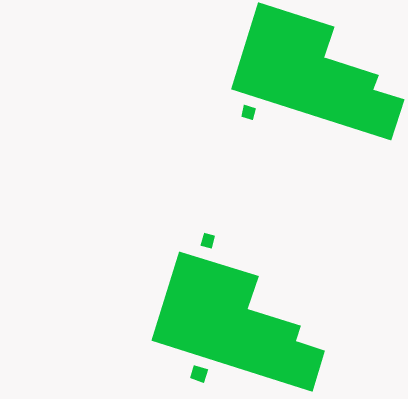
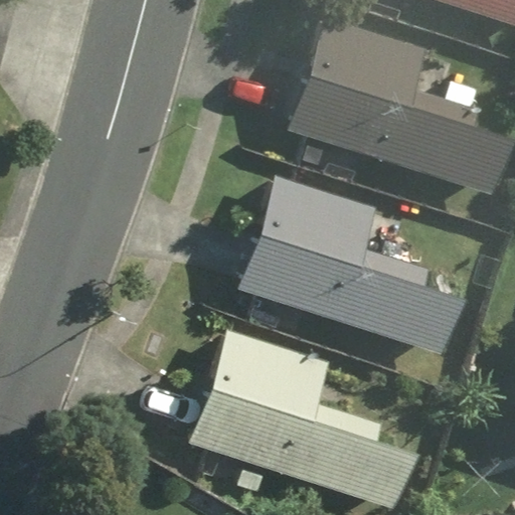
building: none -> [241,173,460,352]

